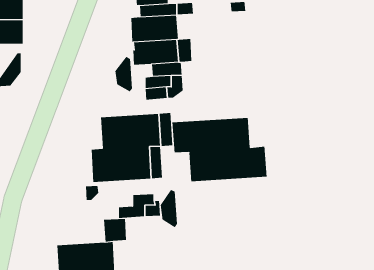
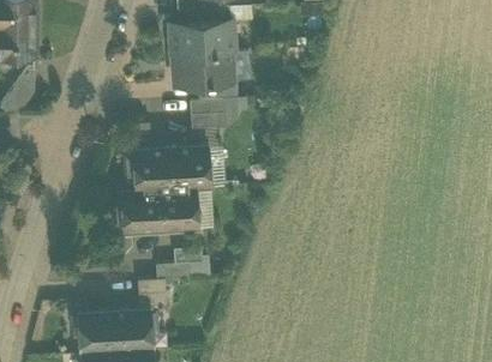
building: [115,56,133,92] -> none
building: [172,117,267,182] -> none
building: [160,189,178,228] -> none

